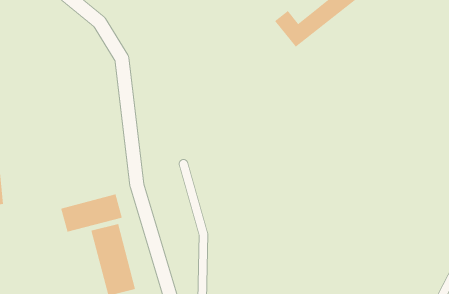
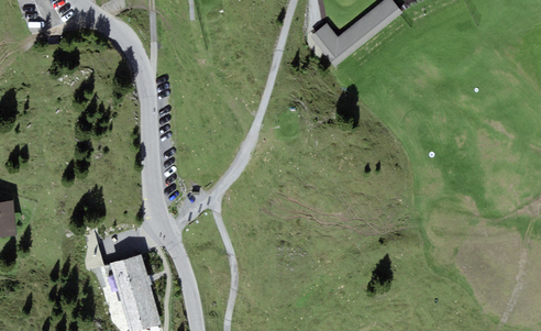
building: [61,194,122,233] -> none

